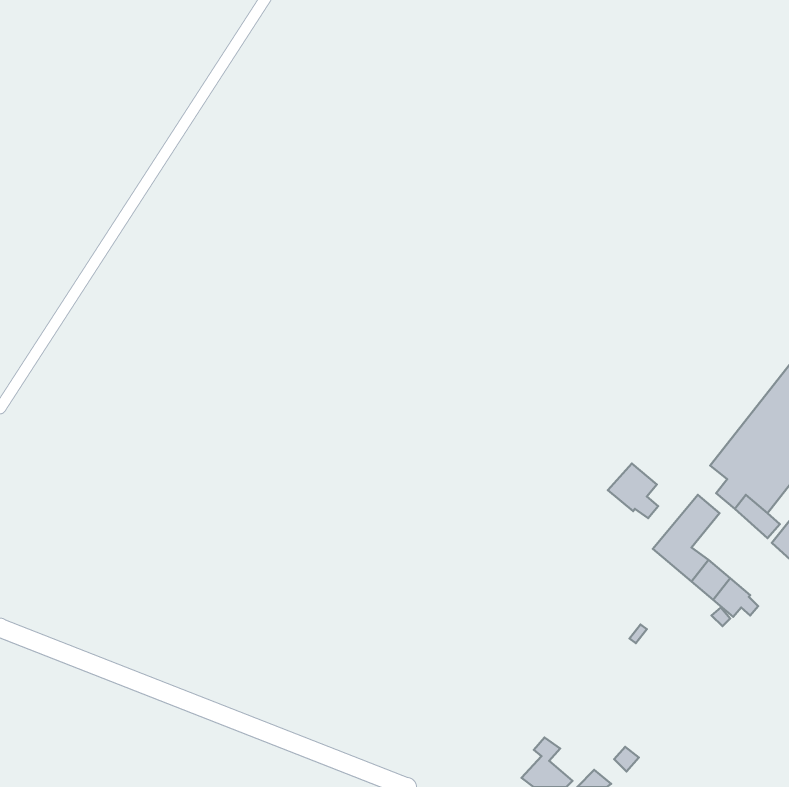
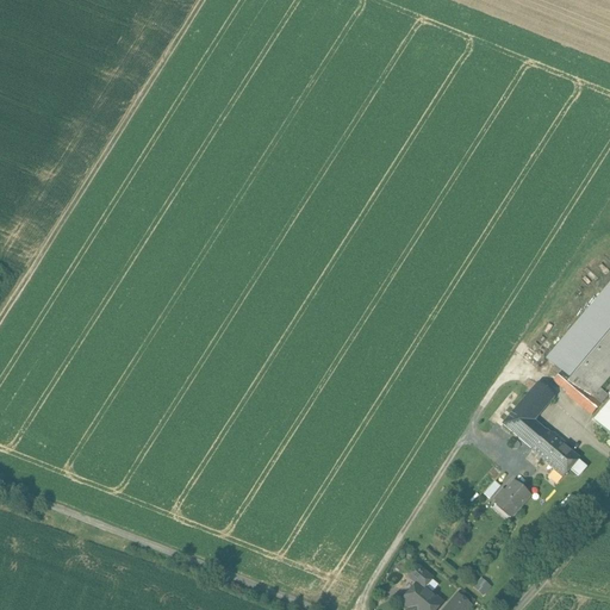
building: [608,464,658,518] -> none
building: none -> [494,480,531,518]

